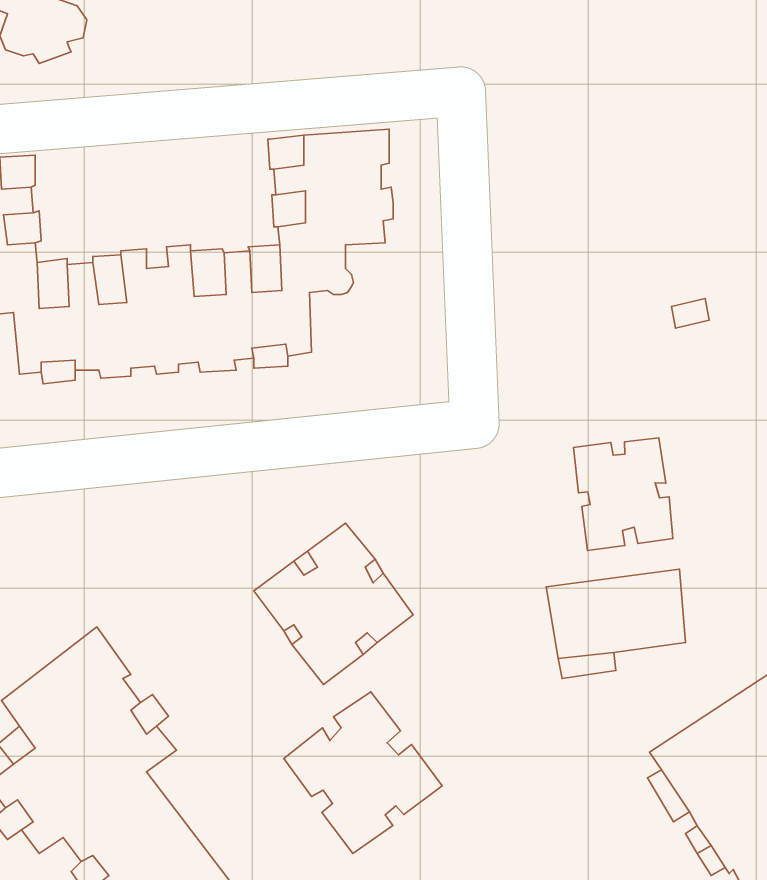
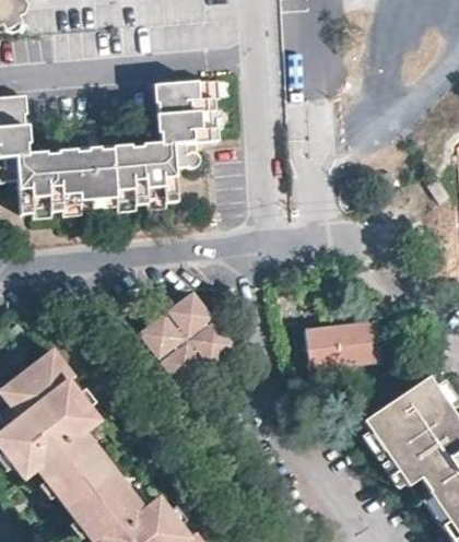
building: [574,438,673,551] -> none
building: [284,692,442,854] -> none

